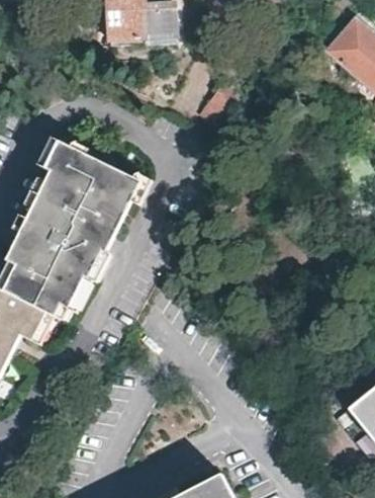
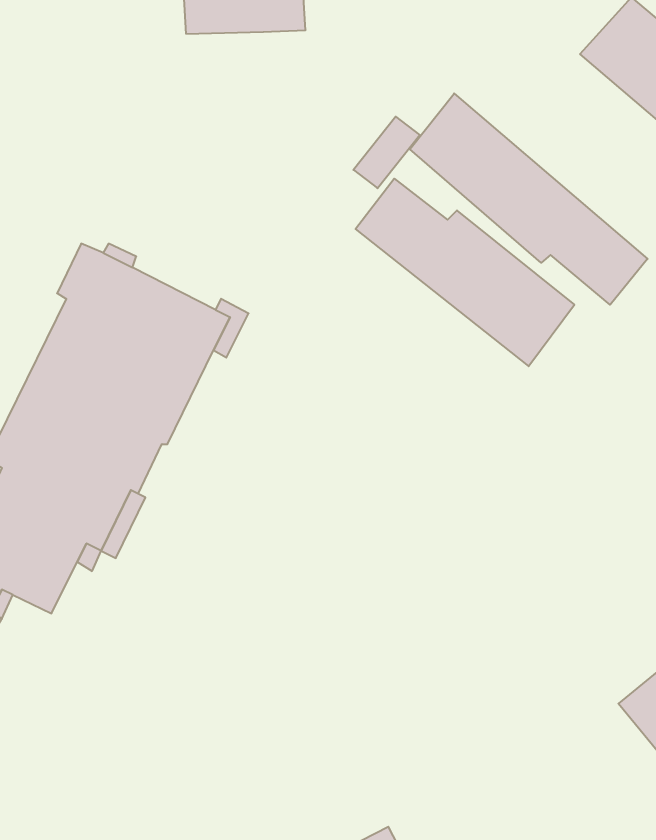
building: none -> [410,93,648,305]
building: none -> [356,179,574,366]

